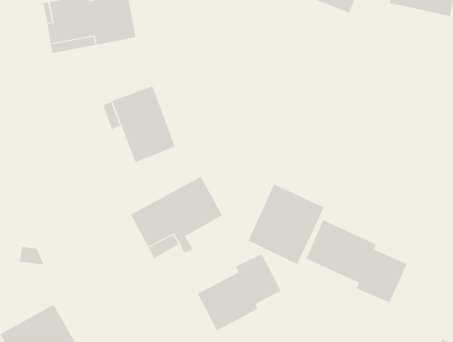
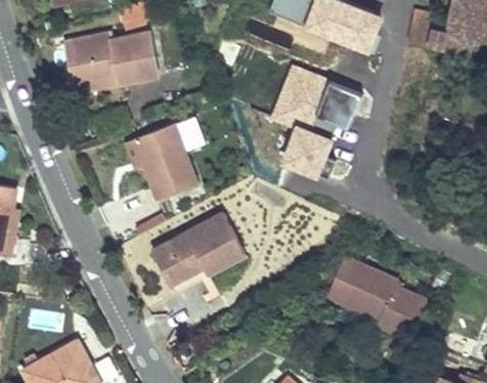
building: none -> [270,67,360,182]
building: [248,184,324,265] -> none
building: [197,253,281,331] -> none

